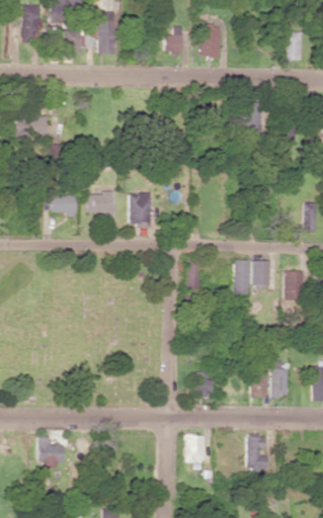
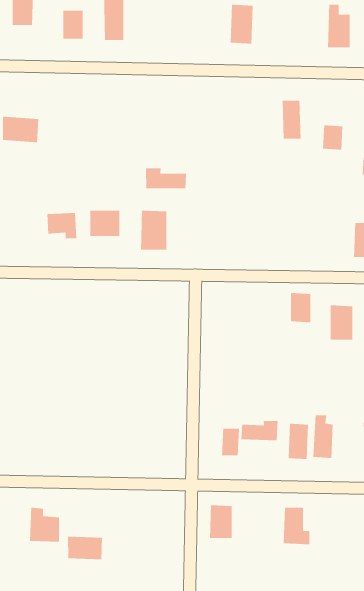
building: [164,28,183,56] -> none
building: none -> [145,167,187,189]
building: [234,260,250,294] -> none
building: none -> [240,420,278,441]
building: none -> [67,536,103,560]

